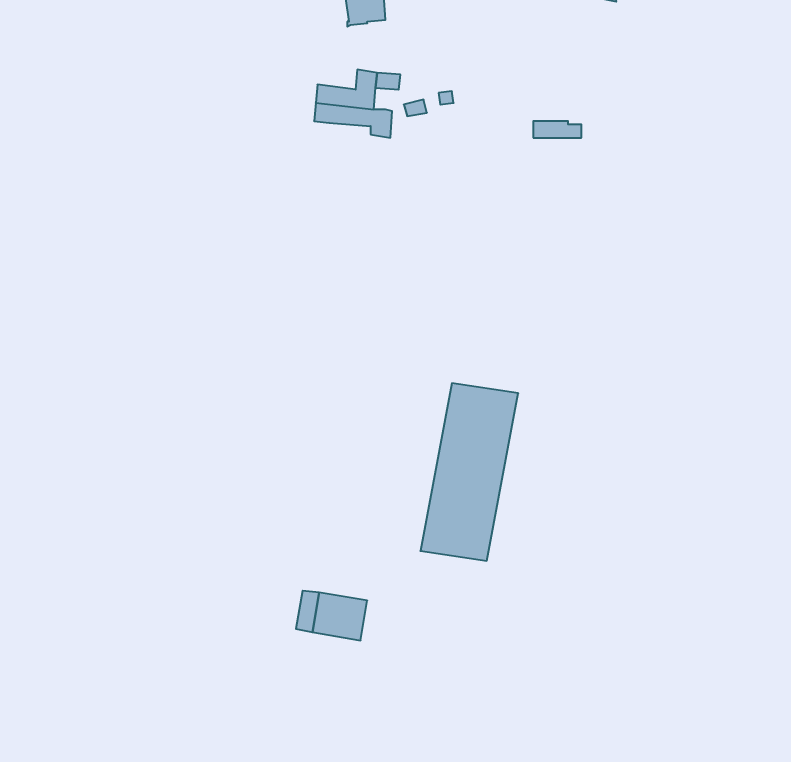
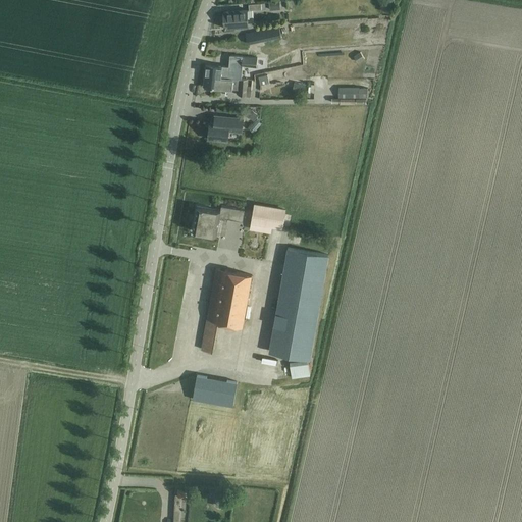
building: none -> [207,117,243,143]
building: none -> [250,207,284,229]
building: none -> [192,208,244,237]
building: none -> [201,270,251,353]

